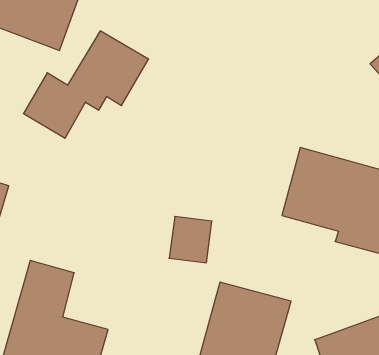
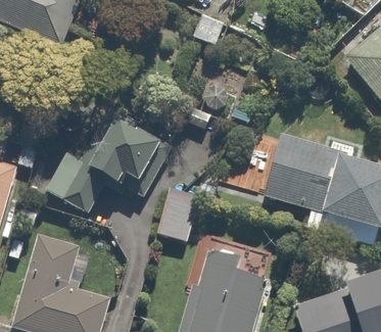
building: [23,31,149,138] -> [48,113,161,210]

